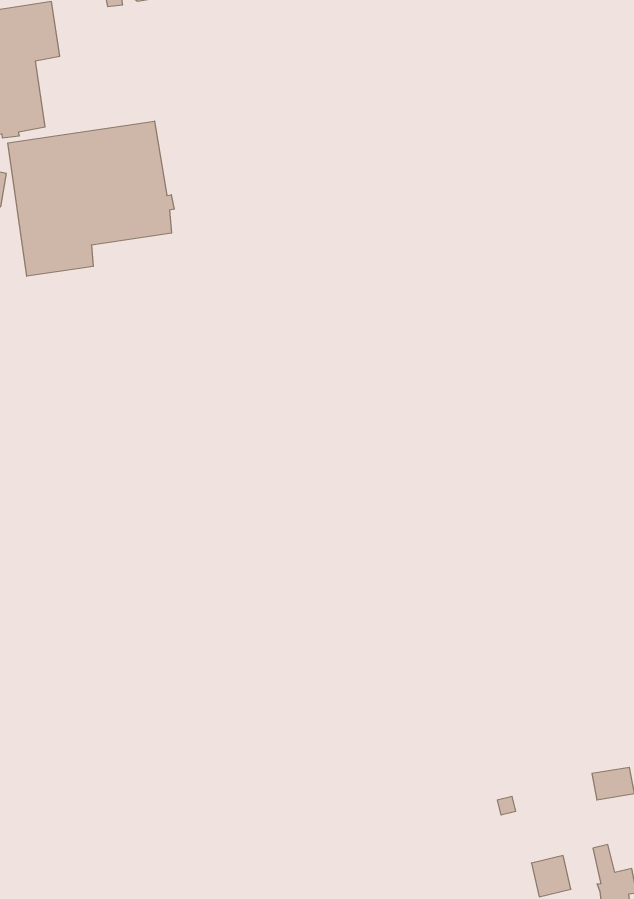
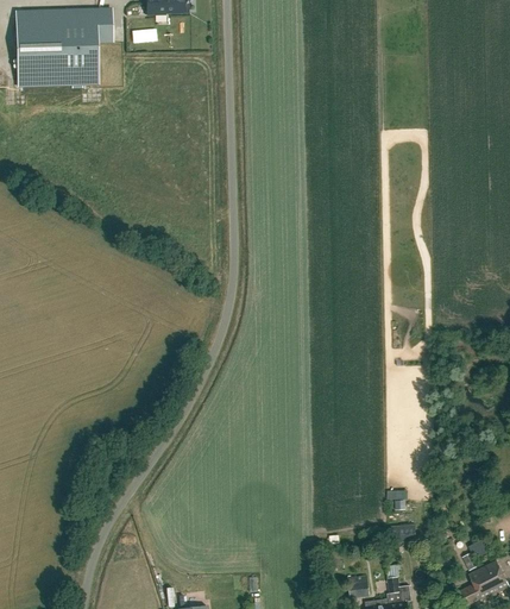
building: [8,121,174,276] -> none

